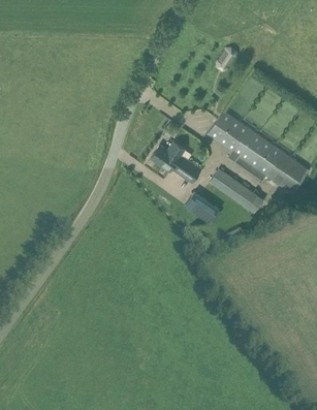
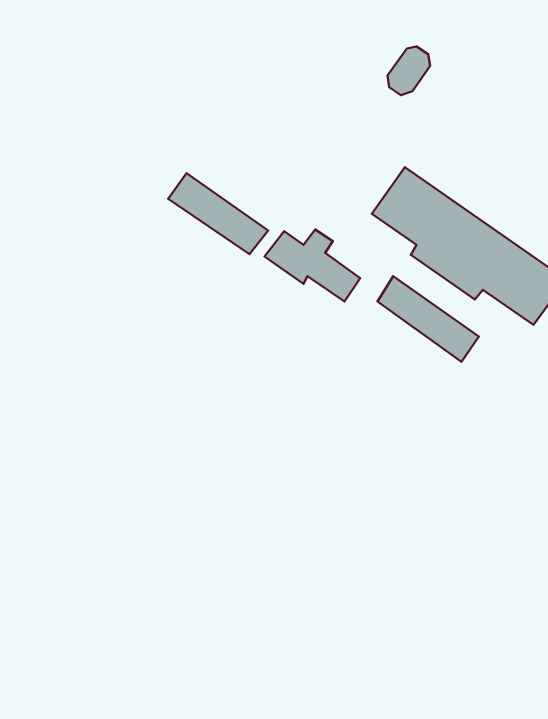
building: none -> [168,173,268,254]
building: [185,192,218,222] -> none

